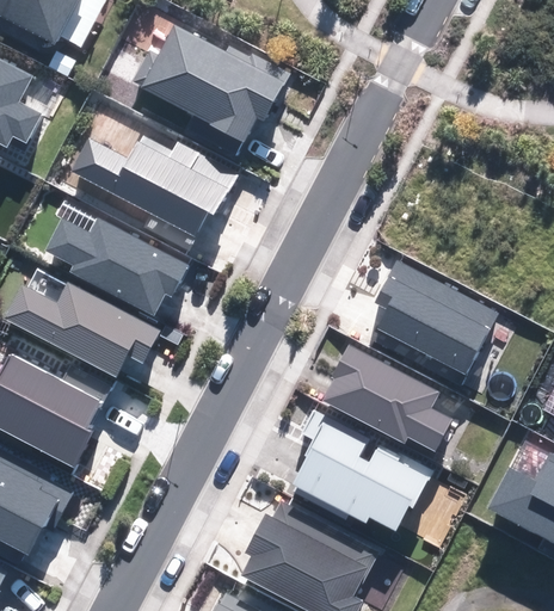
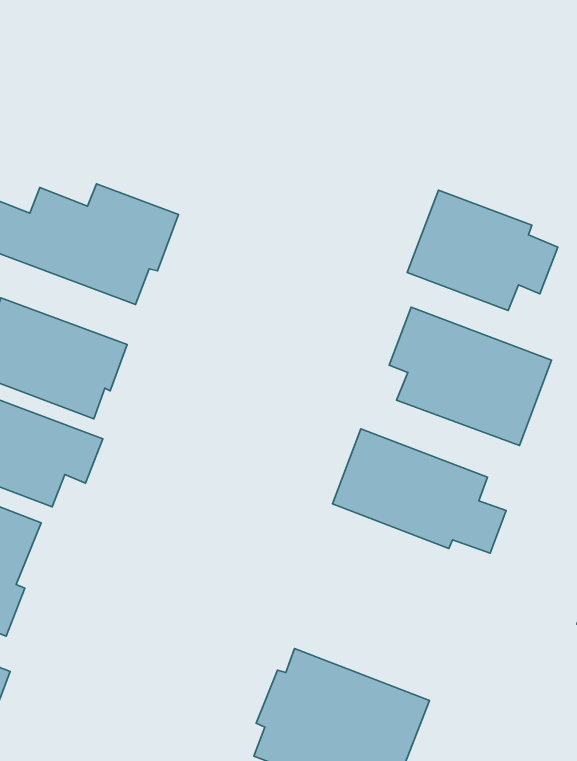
building: [134,26,288,142] -> none
building: none -> [407,190,558,311]
building: [294,413,431,531] -> none

